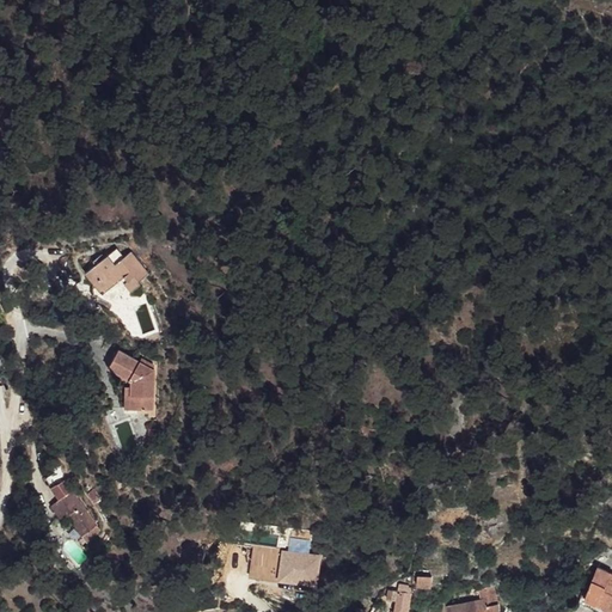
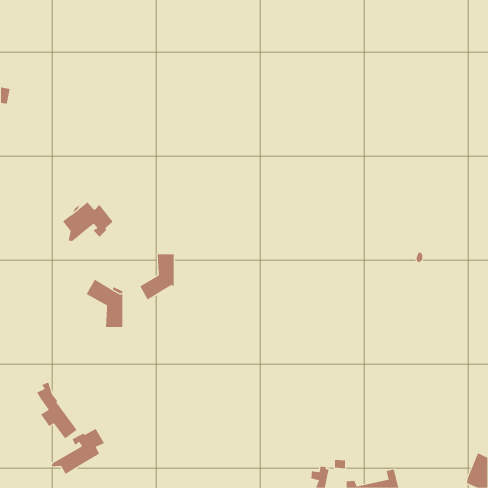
building: none -> [139,254,174,301]
building: none -> [51,428,105,475]
building: [250,547,320,579] -> none

